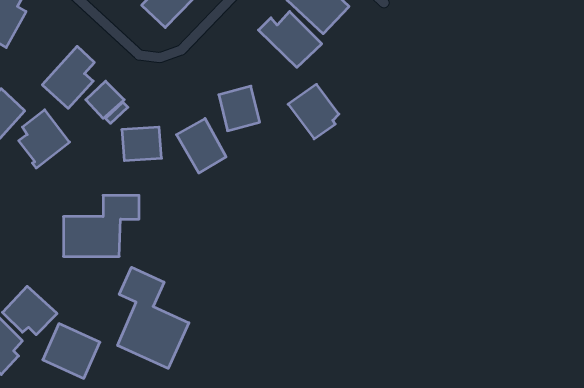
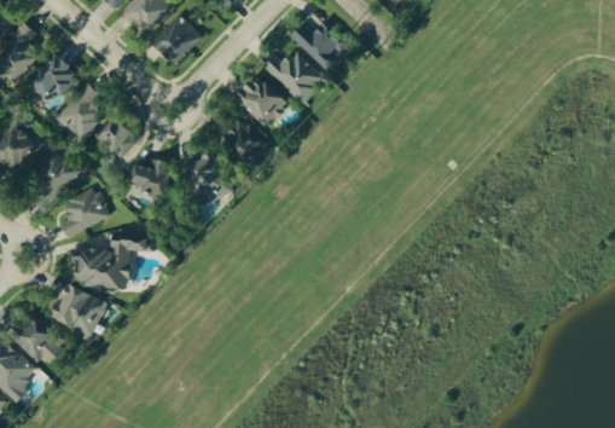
building: none -> [28,53,75,100]
building: [288,84,339,139] -> [233,75,283,128]
building: none -> [57,186,108,239]
building: [118,267,189,368] -> none
building: [43,324,100,378] -> [50,284,105,337]

